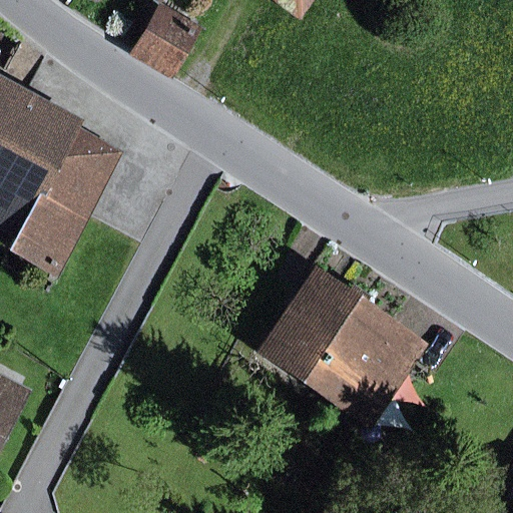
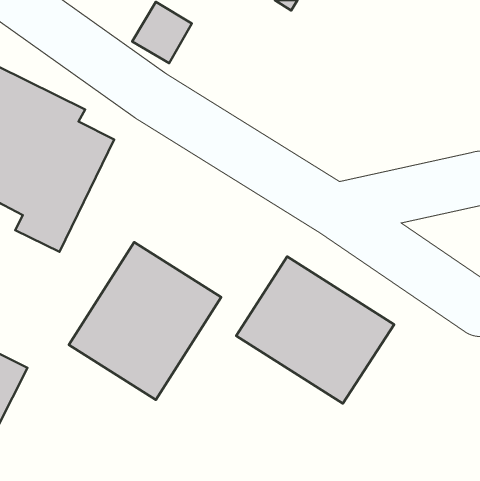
building: none -> [69,242,221,400]

